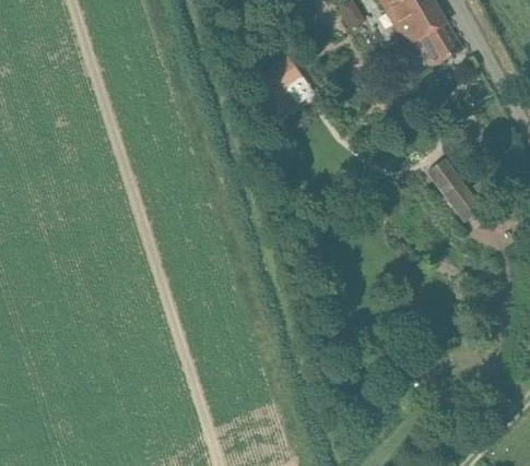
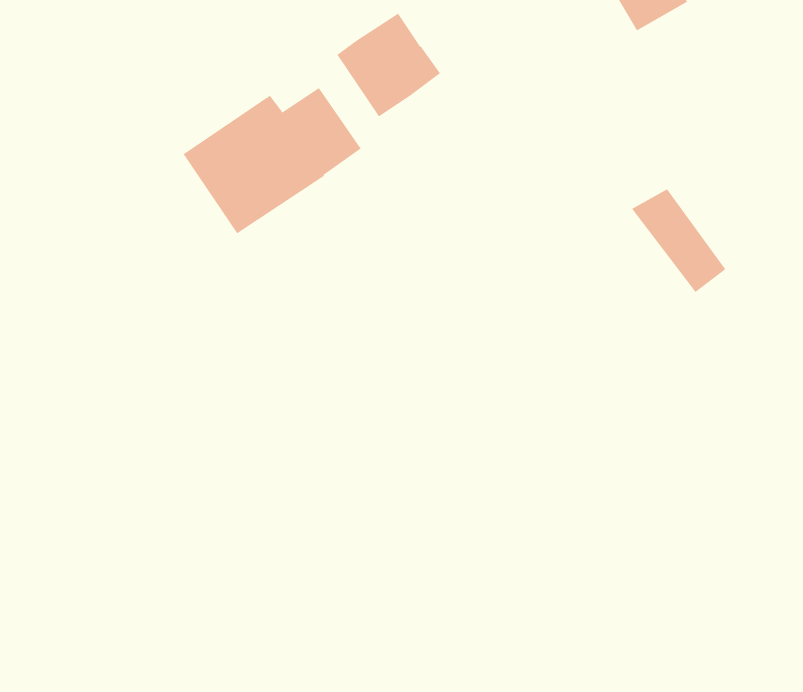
building: none -> [183,87,361,234]

